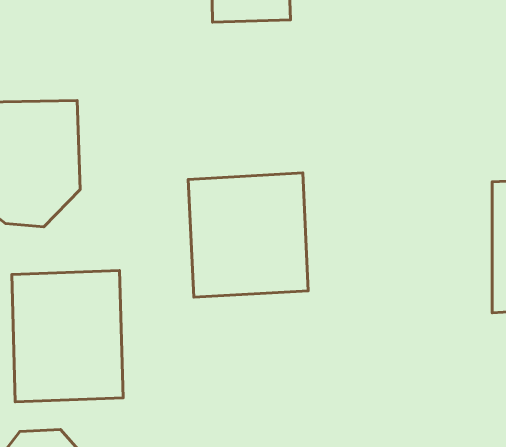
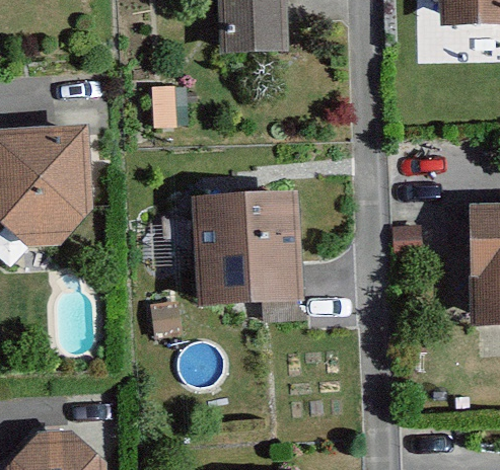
building: [12,271,123,402] -> none

